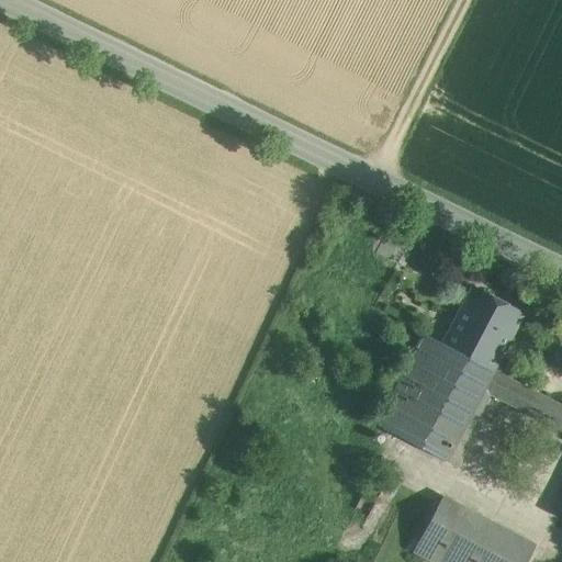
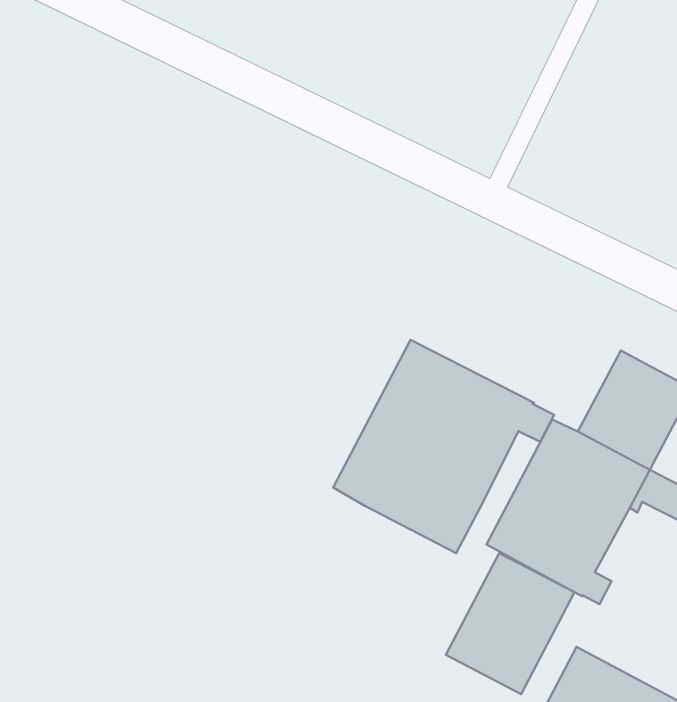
building: none -> [333,340,554,553]
building: none -> [446,553,575,694]

